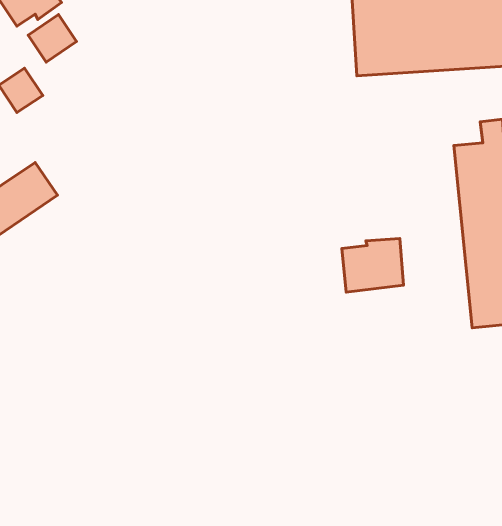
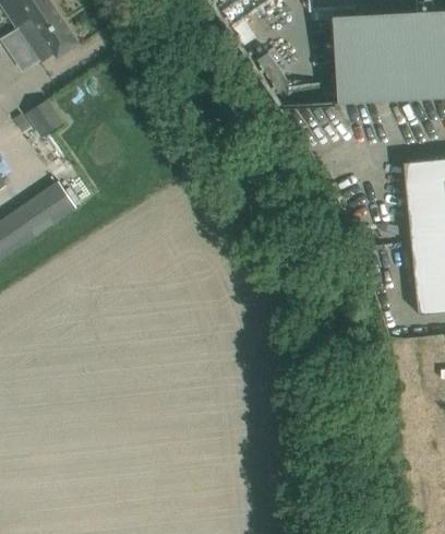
building: [28,15,77,62] -> none
building: [342,238,404,292] -> none

